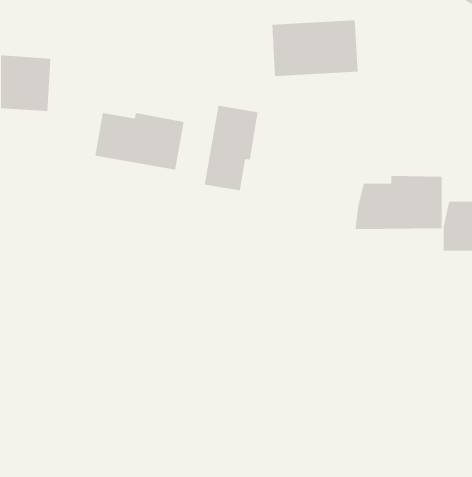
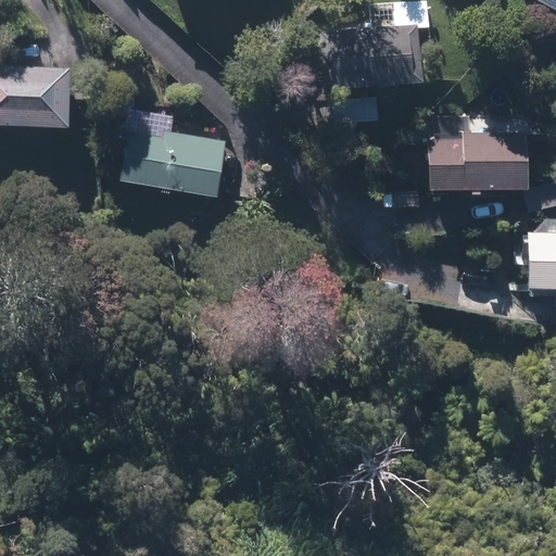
building: [204,105,258,191] -> none
building: [355,176,443,229] -> [425,129,526,191]

